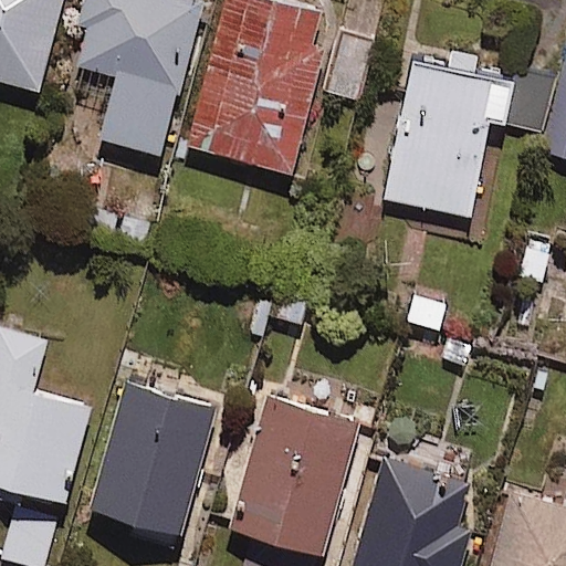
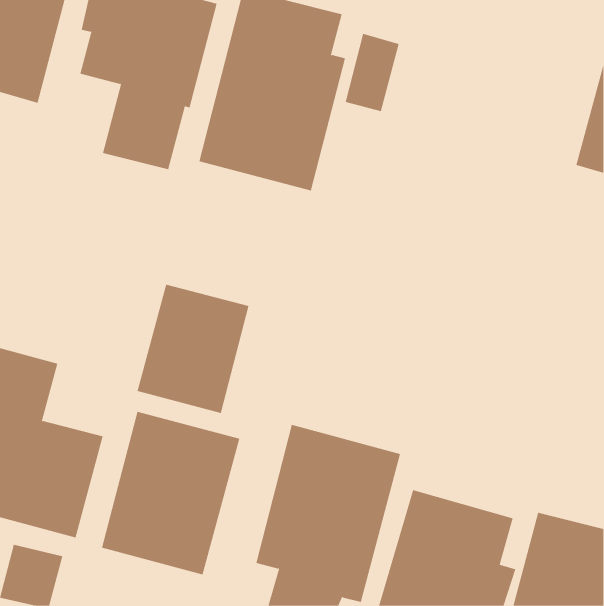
building: [379,62,512,220] -> none
building: none -> [137,284,249,414]

